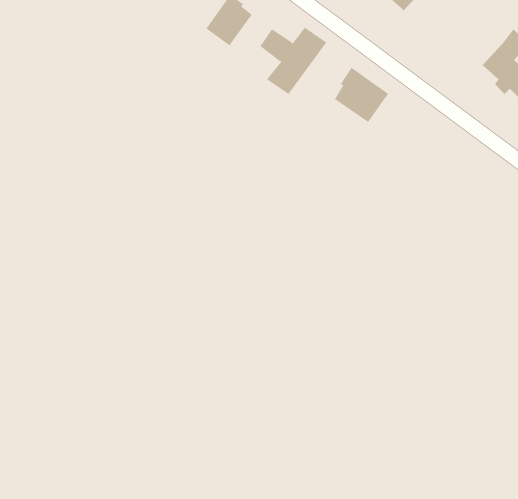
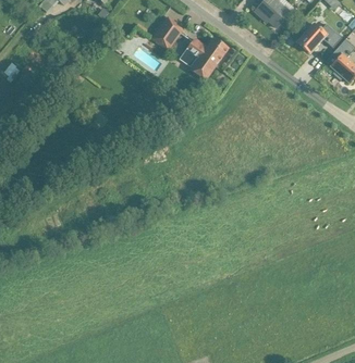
building: none -> [297,25,342,53]
building: [334,67,389,123] -> none

